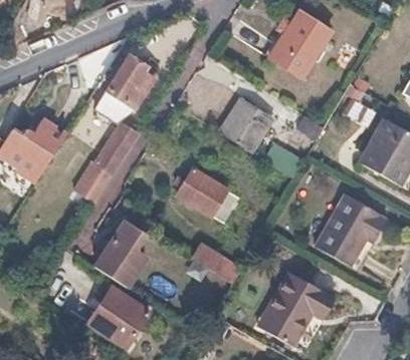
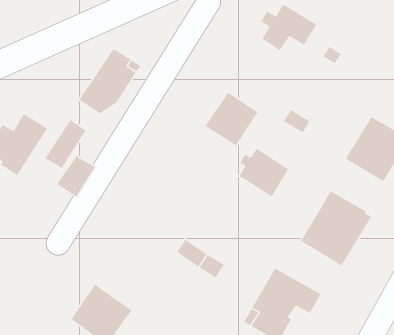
building: [95,123,137,172] -> [45,119,87,169]
building: [177,167,227,217] -> [238,148,289,198]
building: [93,221,146,288] -> none

